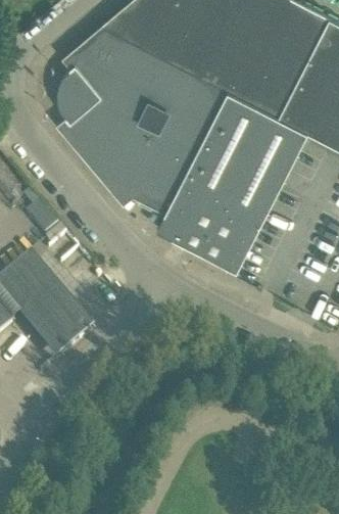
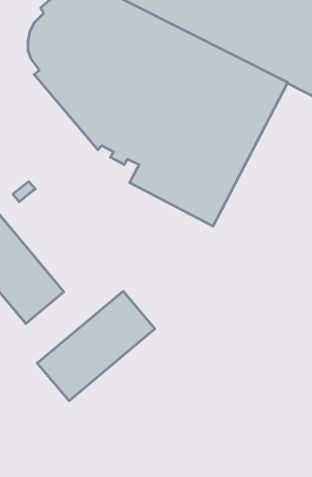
building: none -> [37,291,155,401]

